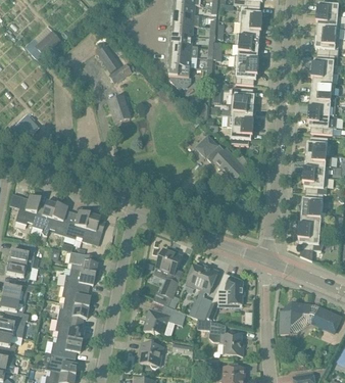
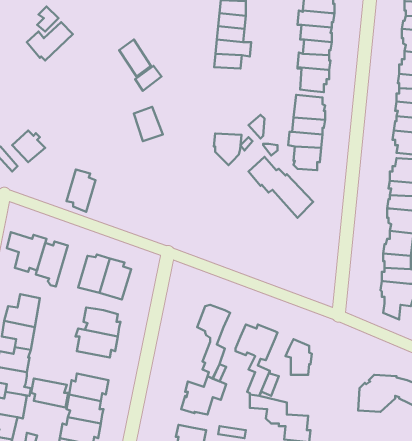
building: [168,64,190,89] -> [214,133,242,165]
building: [49,202,71,235] -> [66,170,96,212]
building: [61,284,90,306] -> [31,378,68,407]

